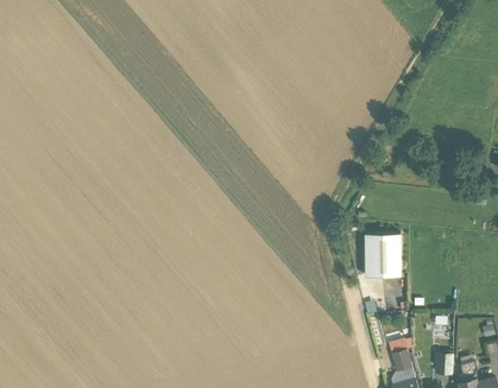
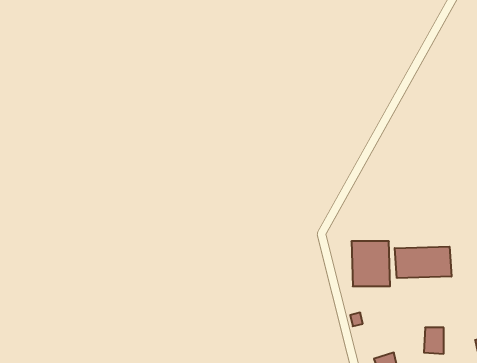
building: none -> [395,247,451,278]

